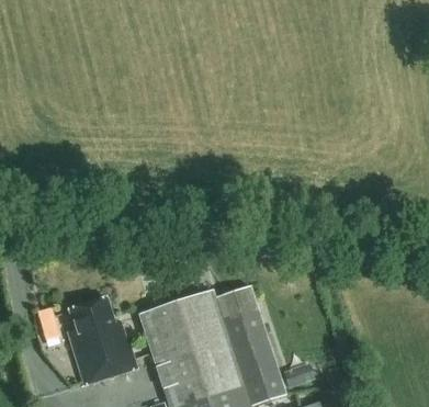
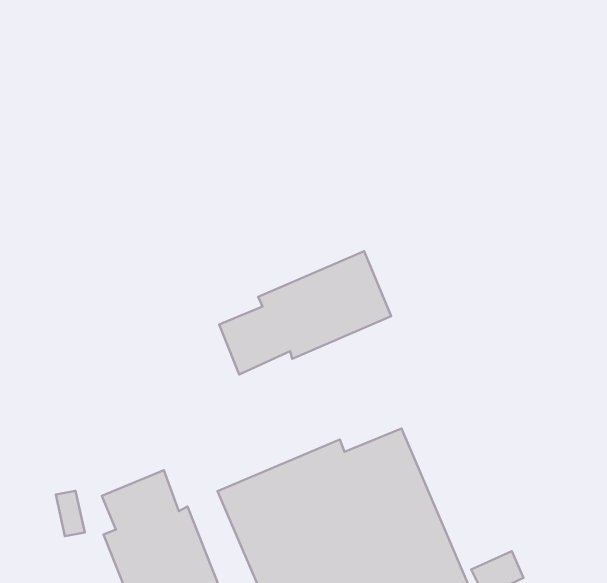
building: none -> [219,251,391,374]

